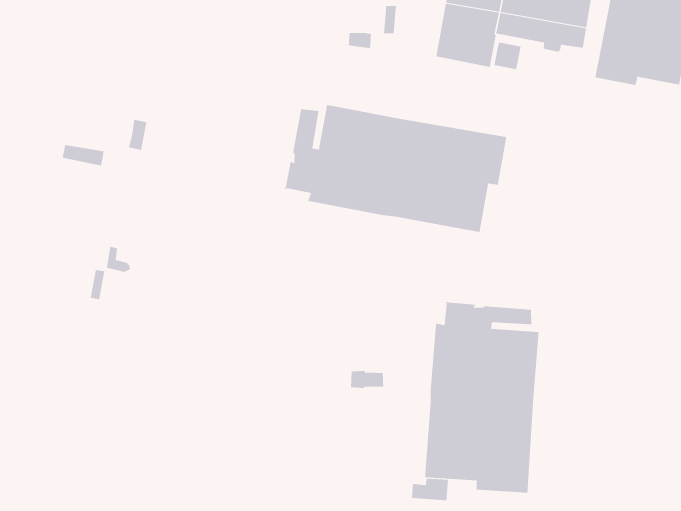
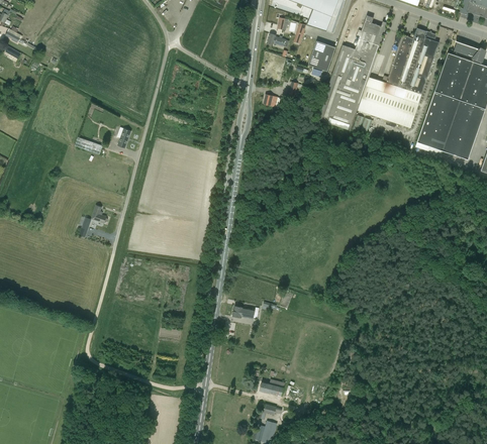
building: [285,104,507,233] -> none
building: [424,302,539,494] -> none

